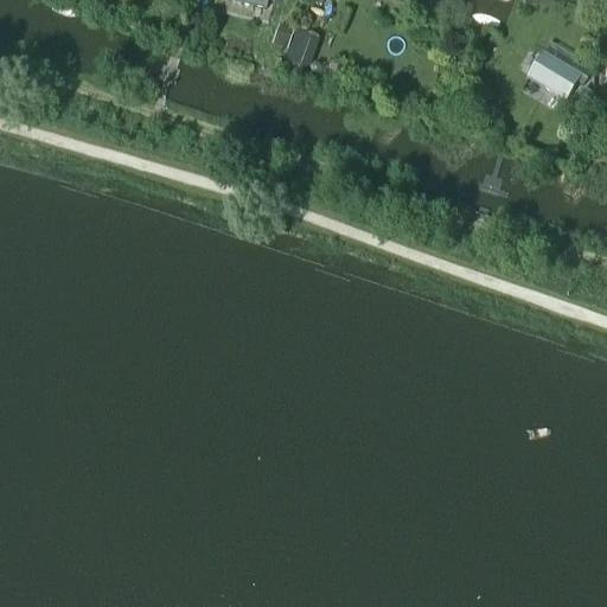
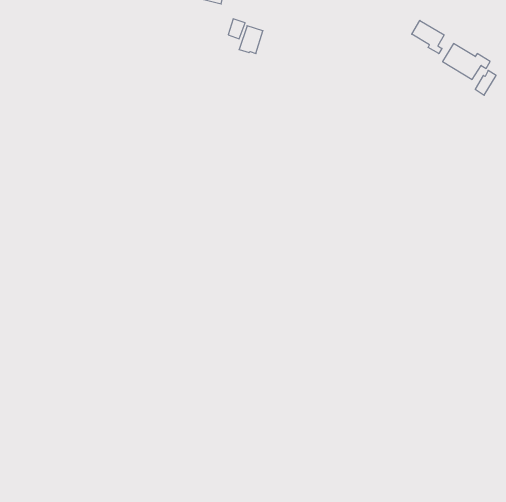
building: none -> [412,20,444,54]

